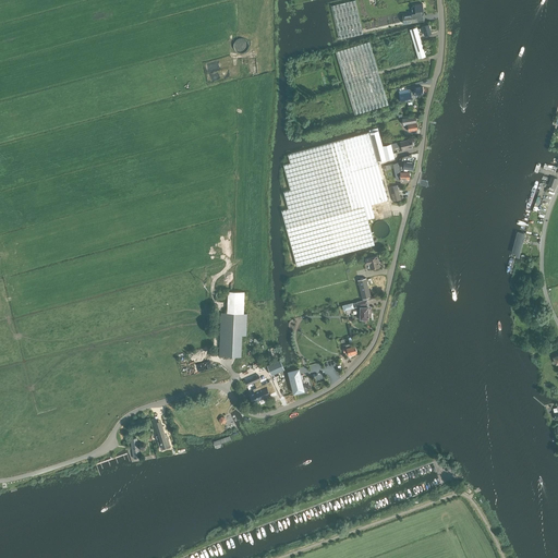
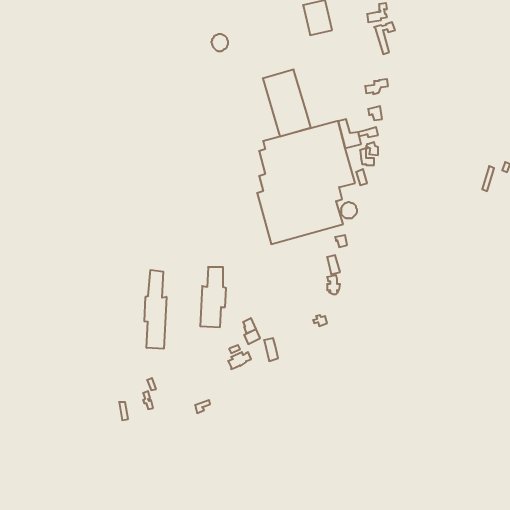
building: [335,43,387,116] -> [263,69,311,136]
building: none -> [144,270,166,349]

